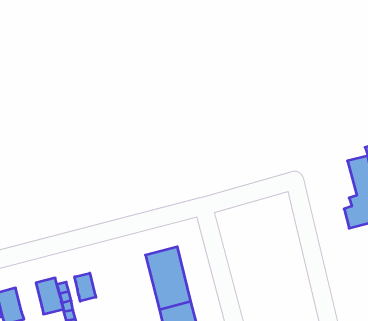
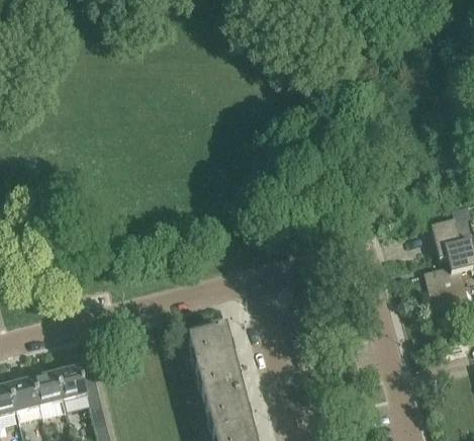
building: [75,273,96,301] -> none
building: none -> [33,371,65,406]

